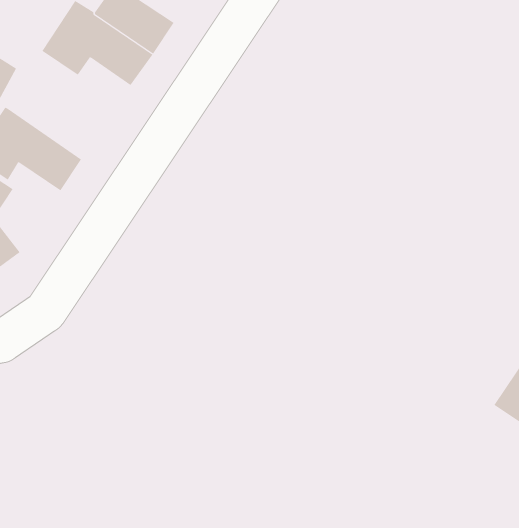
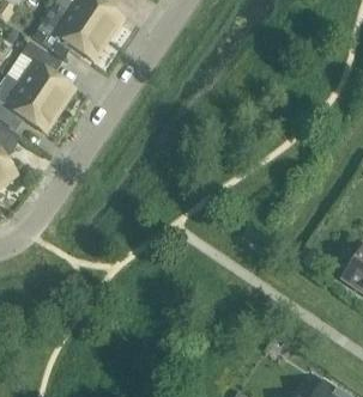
building: none -> [10,41,75,111]

